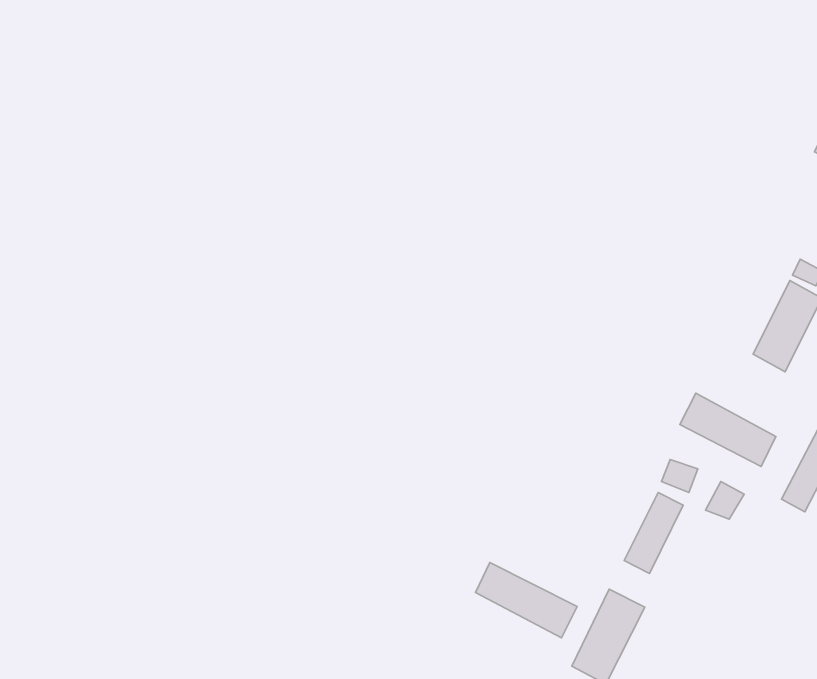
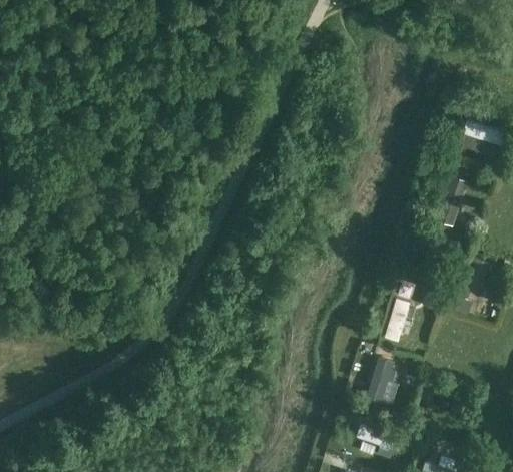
building: [680,393,776,467] -> none
building: [475,562,577,638] -> none

